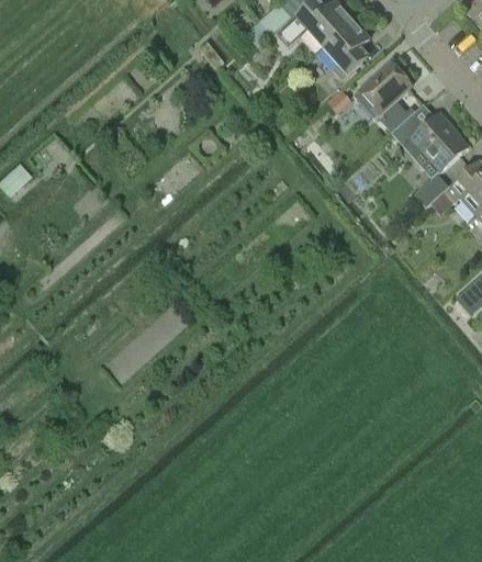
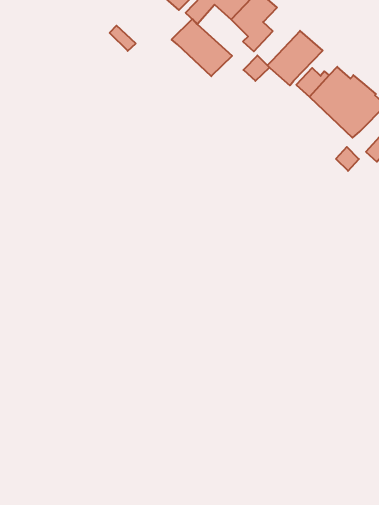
building: none -> [172,19,232,76]

